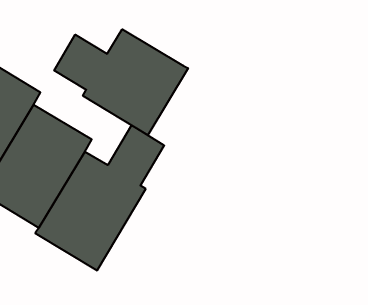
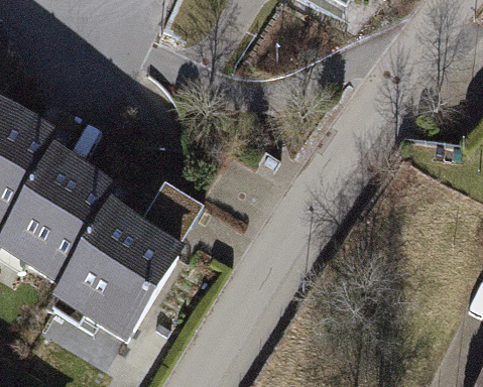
building: [54,29,188,135] -> none

